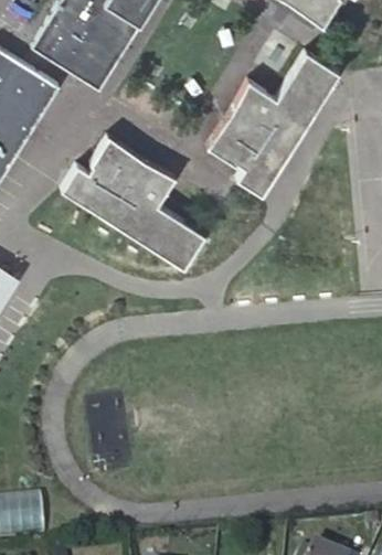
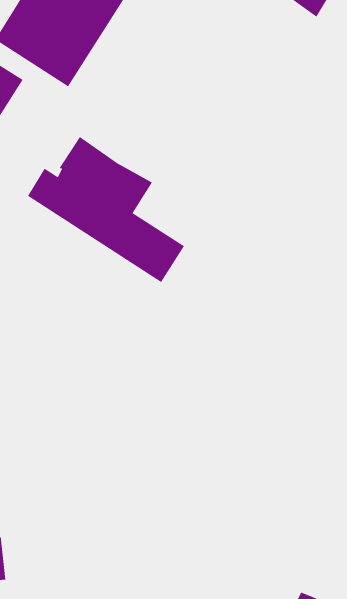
building: [206,51,340,194] -> none

